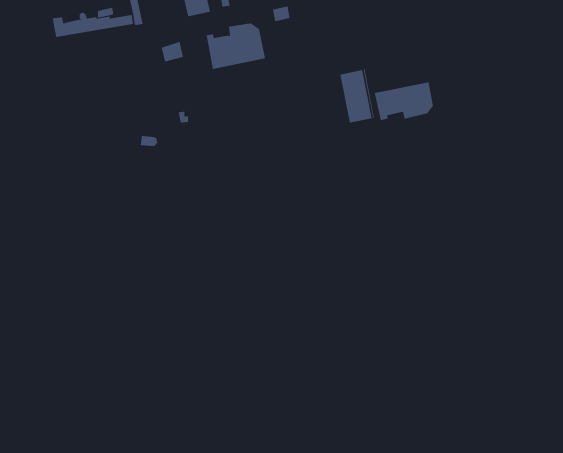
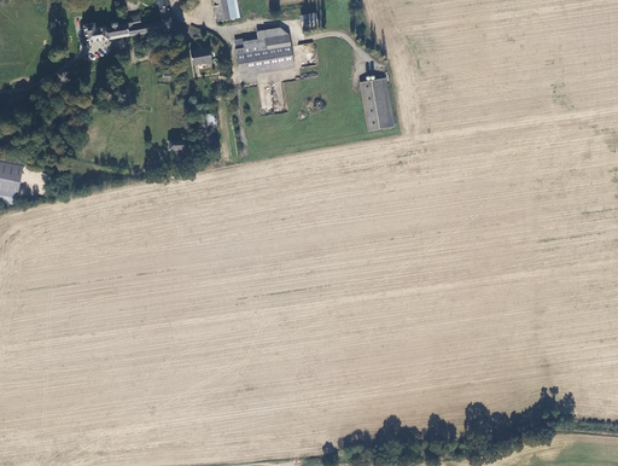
building: [374,81,434,121] -> none

